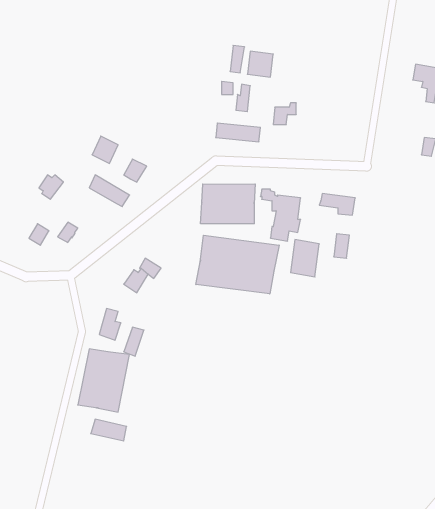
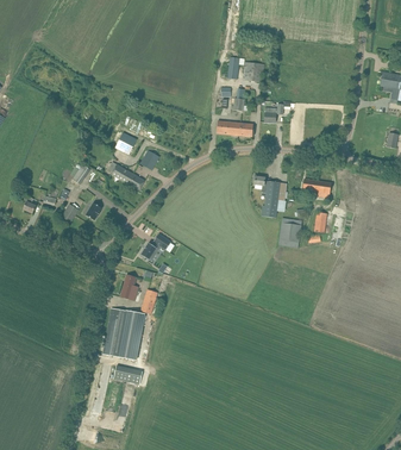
building: [201,184,255,224] -> none
building: [196,235,279,294] -> none

